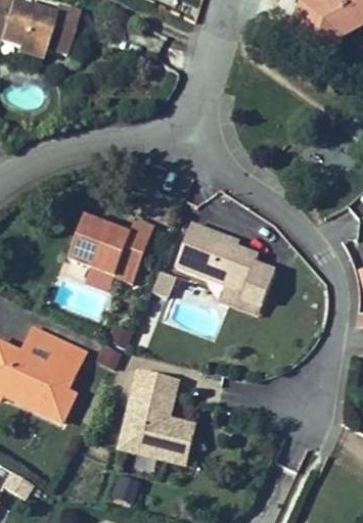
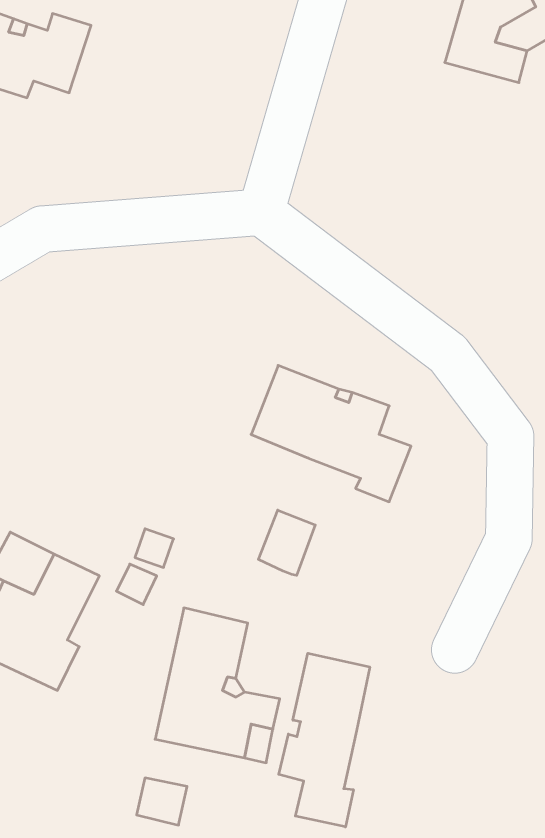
building: [65,215,151,280] -> none
building: none -> [258,510,315,575]
building: none -> [279,653,370,827]

